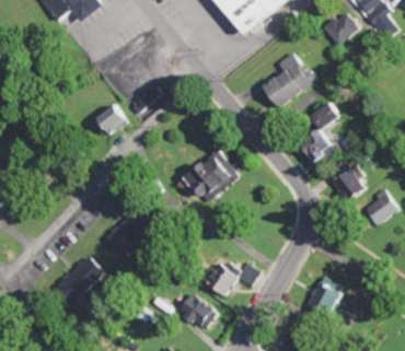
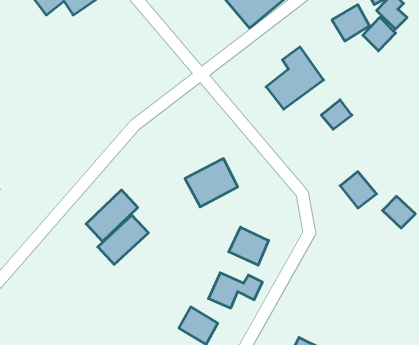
building: none -> [363,17,396,51]
building: [94,104,127,133] -> none
building: [305,131,338,164] -> none
building: none -> [229,227,269,265]
building: [55,256,103,304] -> [86,190,138,242]
building: [308,276,342,315] -> none

